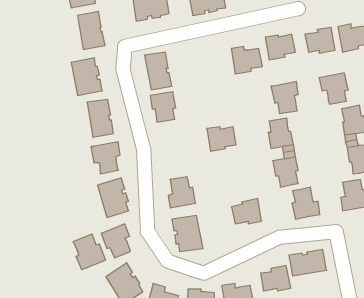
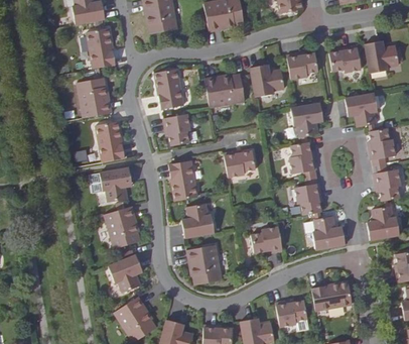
building: none -> [203,73,243,104]
building: none -> [168,159,196,200]
building: [73,234,105,270] -> none

